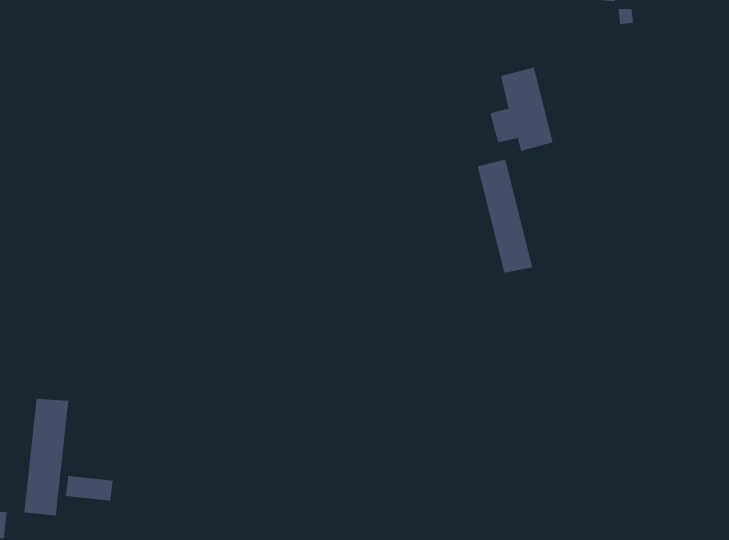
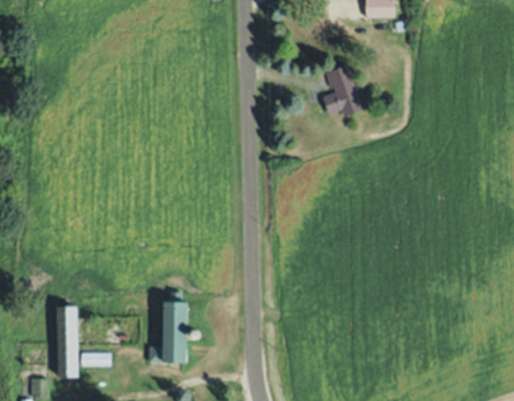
building: [477,159,533,273] -> none
building: none -> [150,289,189,363]

